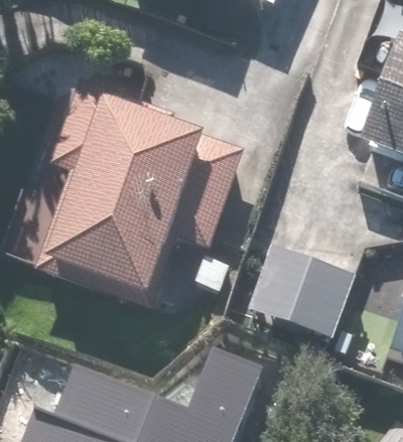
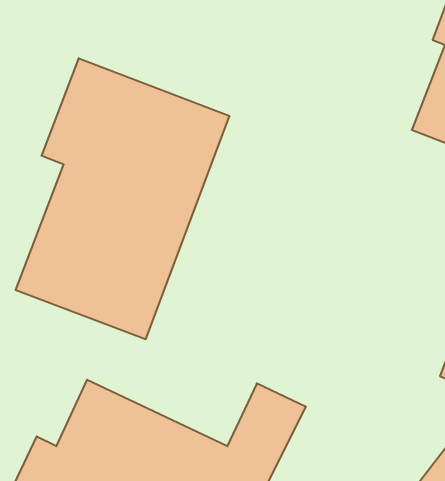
building: [245,242,356,341] -> none

